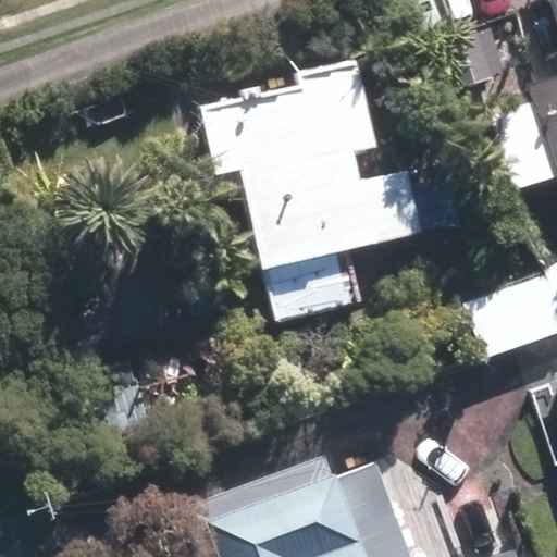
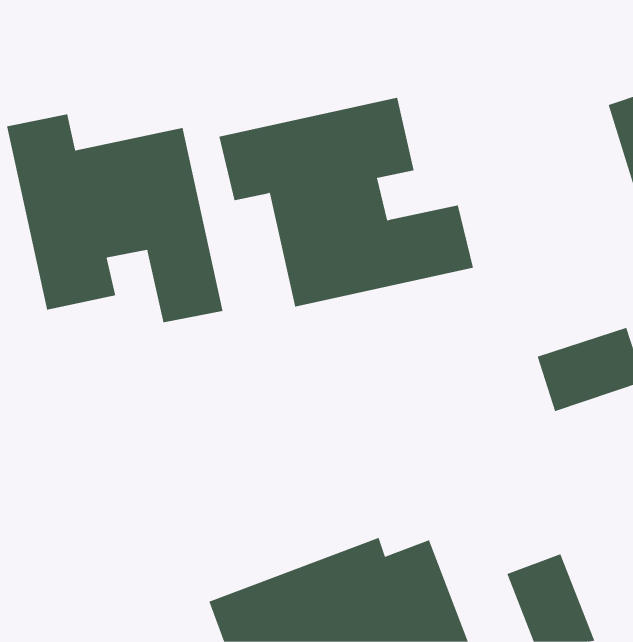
building: none -> [6,114,223,323]

